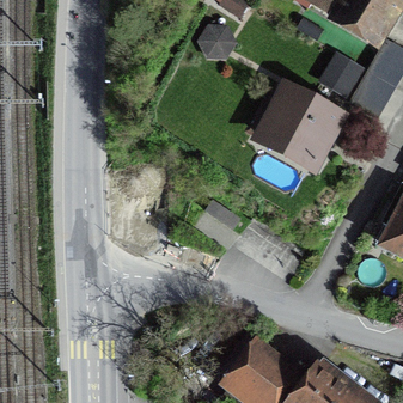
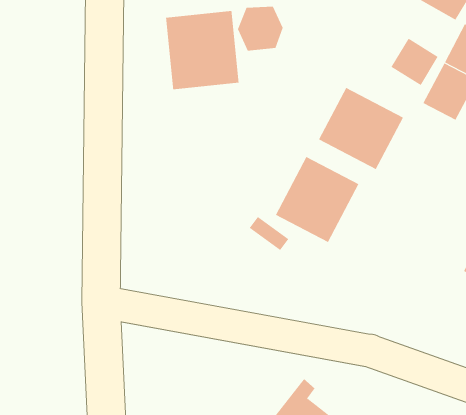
building: none -> [166,10,239,90]
building: none -> [275,156,359,243]

